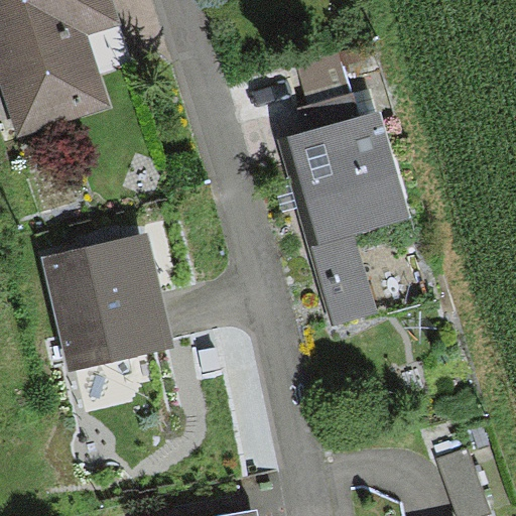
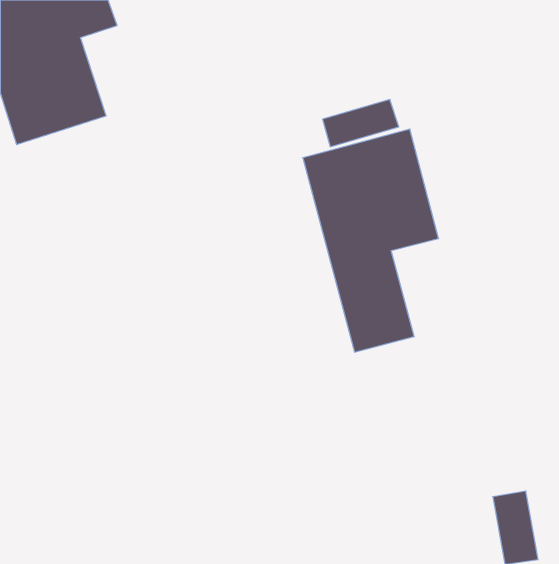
building: [44,236,167,366] -> none

